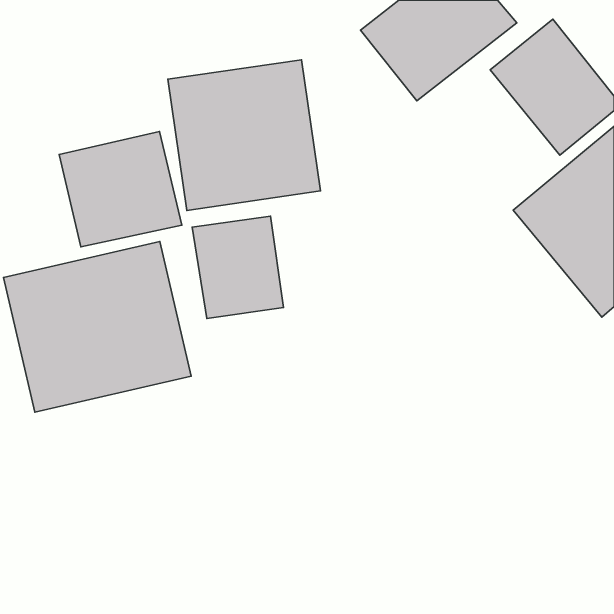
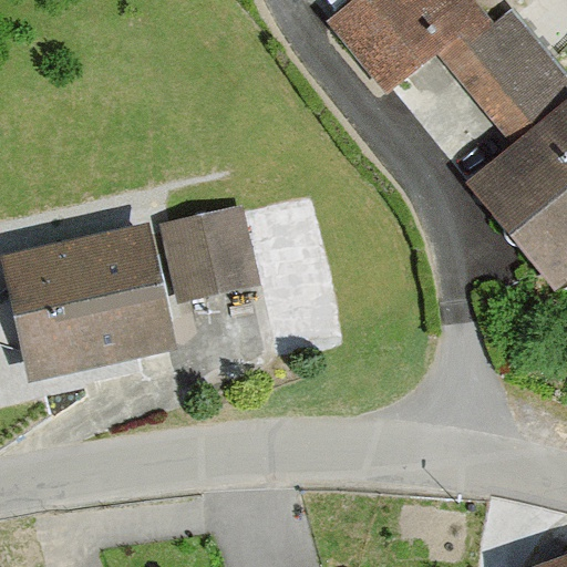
building: [168,60,320,210] -> none
building: [59,131,182,247] -> none

